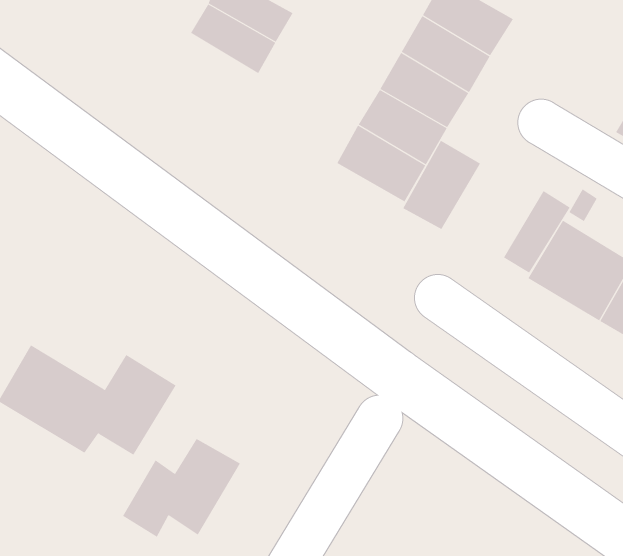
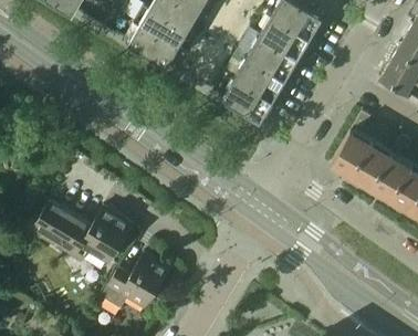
building: none -> [128,25,178,66]
building: [403,140,481,230] -> none
building: [503,190,570,273] -> none

